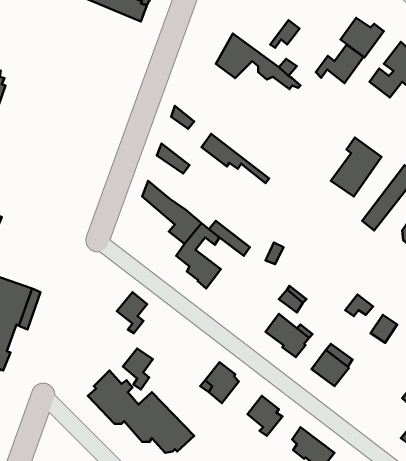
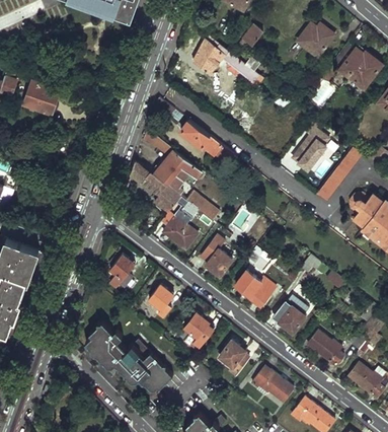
building: [316,45,364,83] -> none
building: none -> [22,74,60,115]
building: none -> [154,150,202,185]
building: none -> [204,245,230,276]
building: [123,348,153,389] -> [148,285,173,319]
building: none -> [306,332,342,366]

